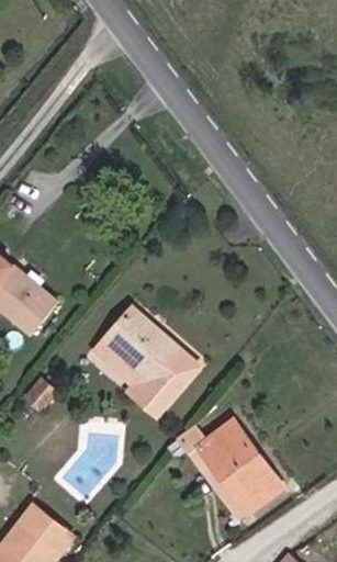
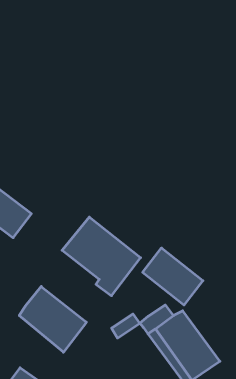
building: none -> [143,248,203,305]
building: none -> [19,286,86,352]

